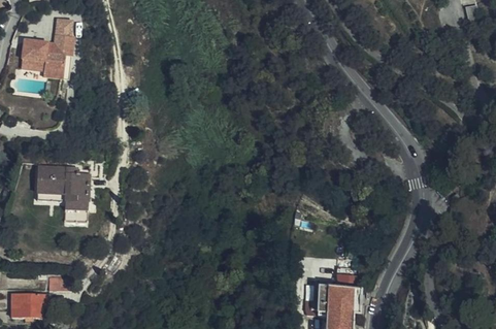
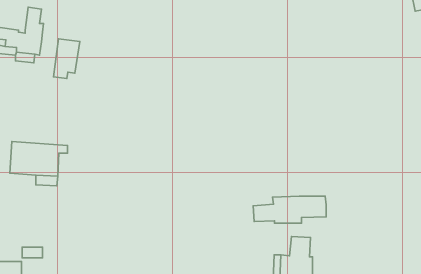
building: none -> [54,39,80,78]
building: none -> [253,196,326,223]

